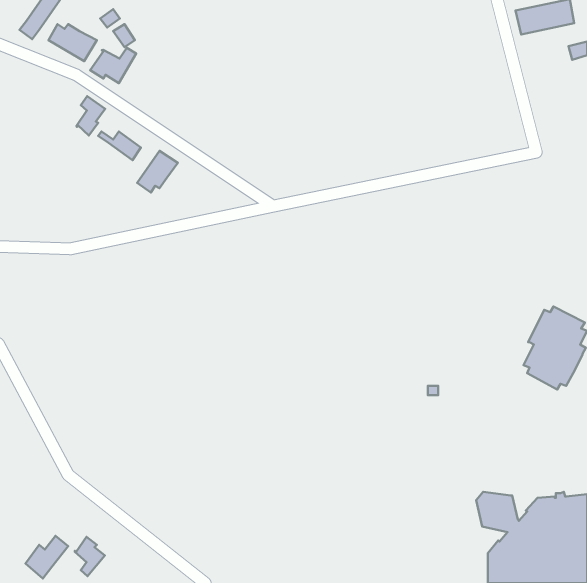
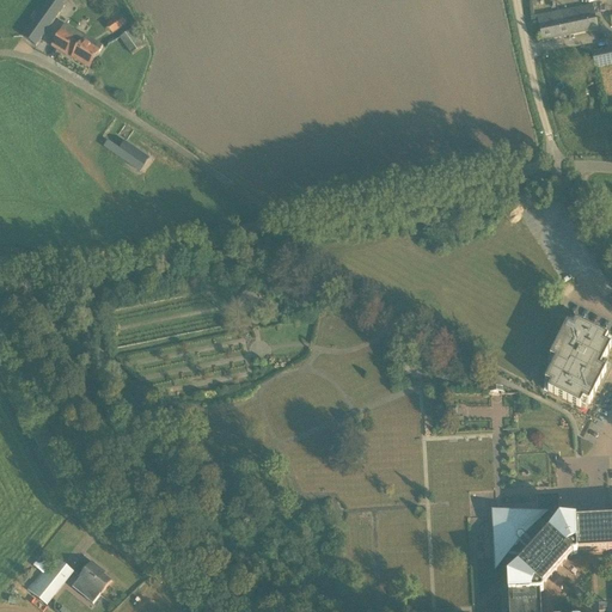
building: [90,48,136,83] -> none
building: [77,96,105,135] -> none
building: [137,151,178,193] -> none

